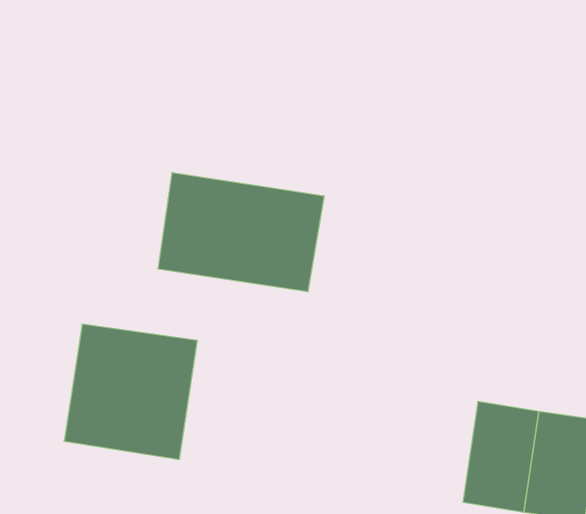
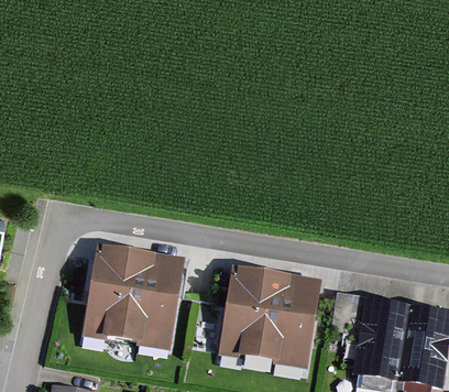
building: [158,172,324,292] -> none
building: none -> [225,280,313,362]

